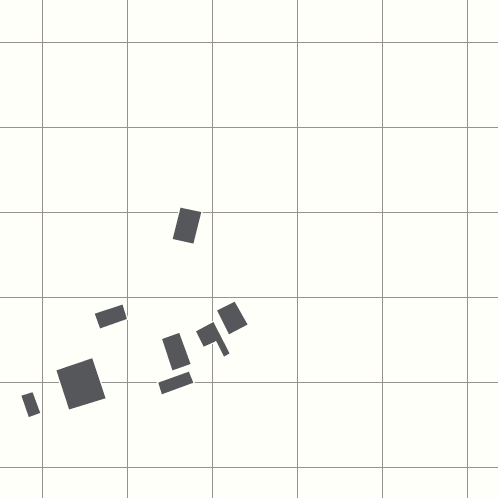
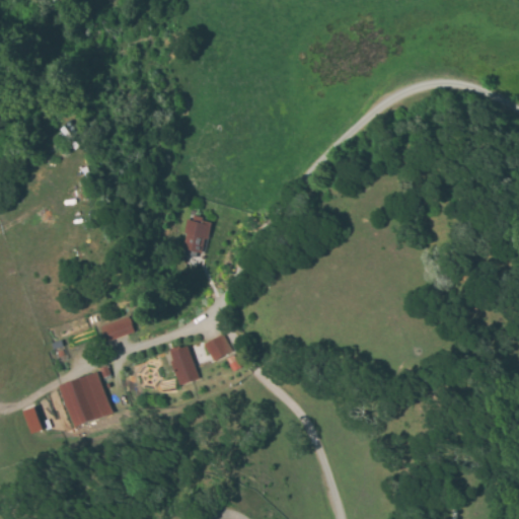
building: [216,301,248,335] -> none
building: [157,371,194,395] -> none

